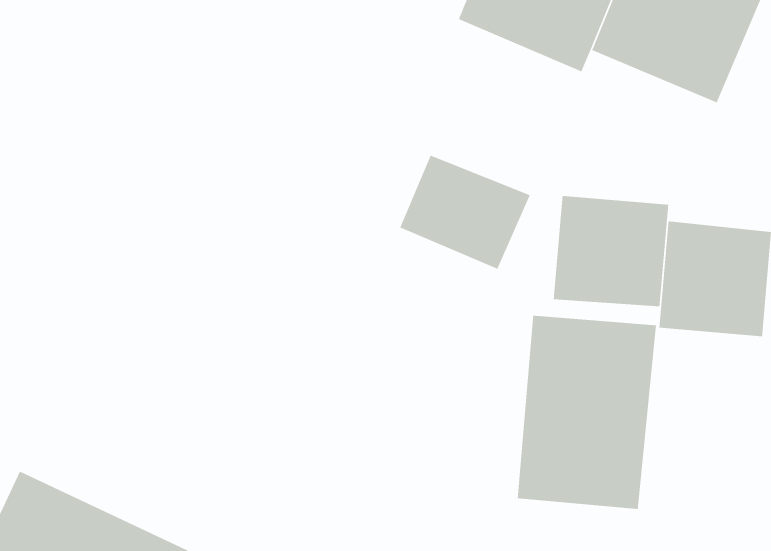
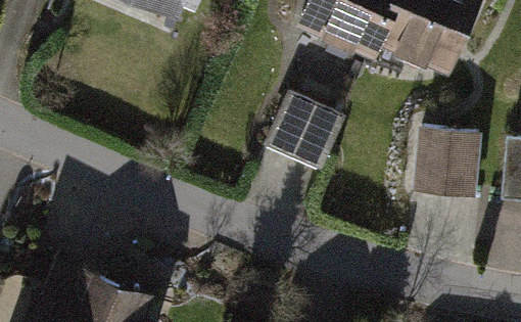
building: [553,195,669,307] -> none
building: [517,315,657,510] -> none

